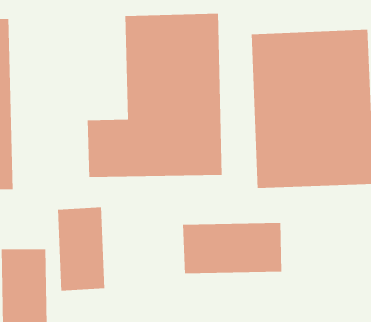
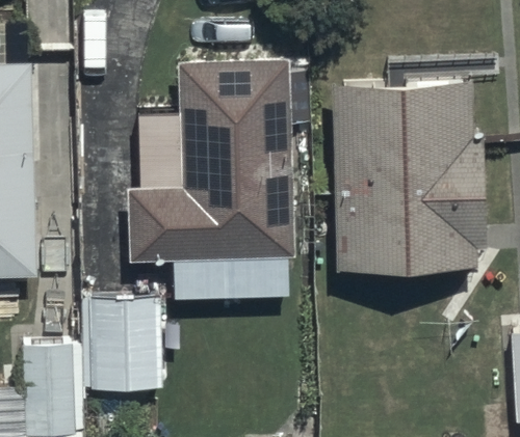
building: [182,222,282,274] -> none

